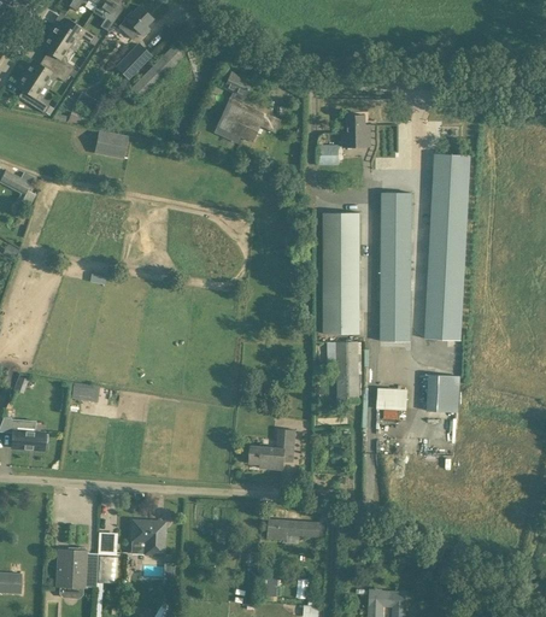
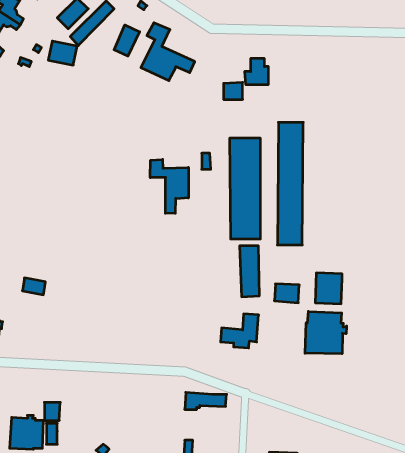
building: none -> [114,25,140,56]
building: [93,130,128,159] -> [48,41,77,65]
building: [424,154,469,340] -> none
building: none -> [150,159,188,213]
building: none -> [305,311,347,354]
building: [248,429,294,470] -> [221,314,259,348]
building: [130,519,164,556] -> none

